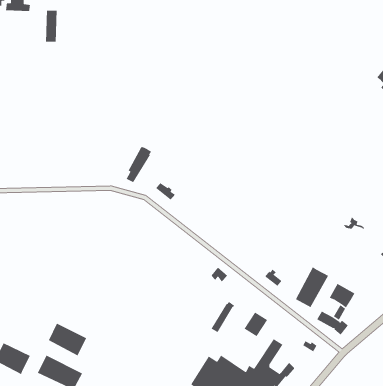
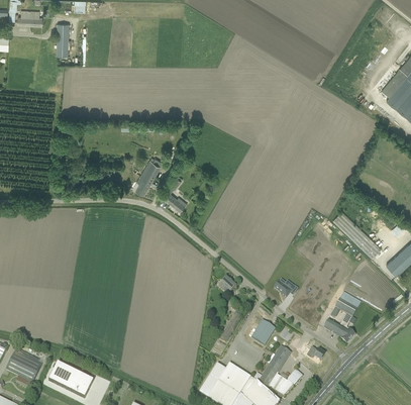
building: [295,266,329,308] -> none
building: [48,323,87,356] -> none

